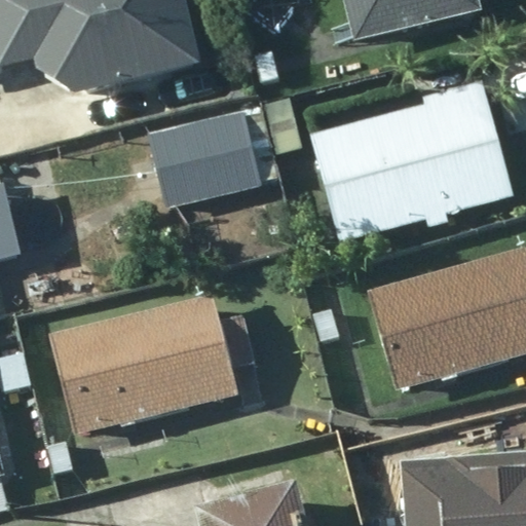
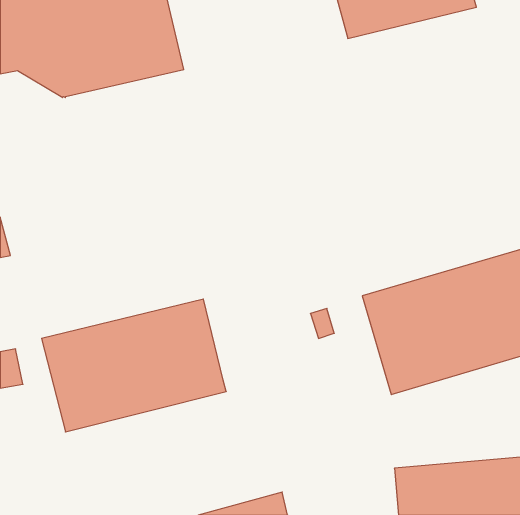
building: [311,82,513,240] -> none
building: [156,109,259,200] -> none

